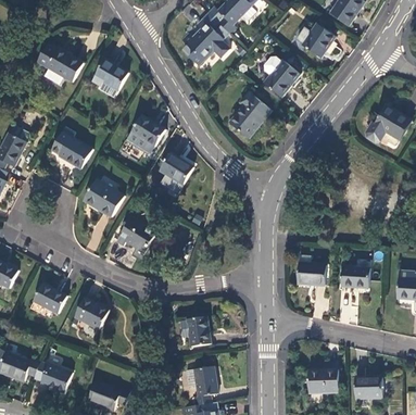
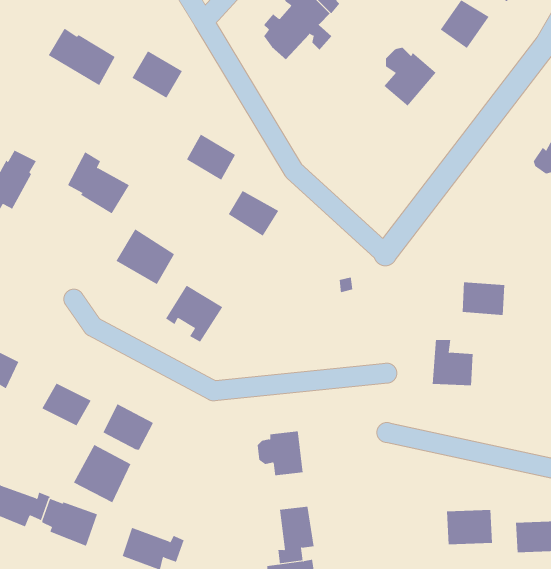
building: [229,90,272,137] -> none
building: [341,265,370,288] -> [462,282,505,315]
building: none -> [73,444,131,503]

